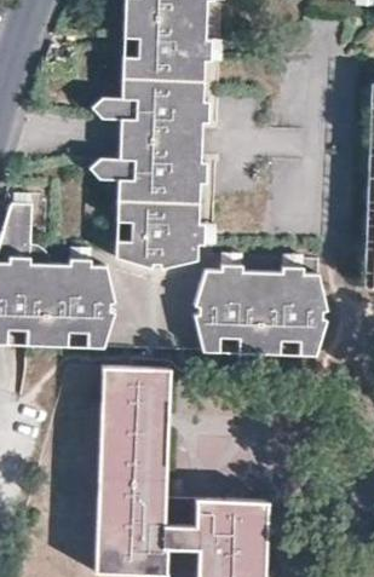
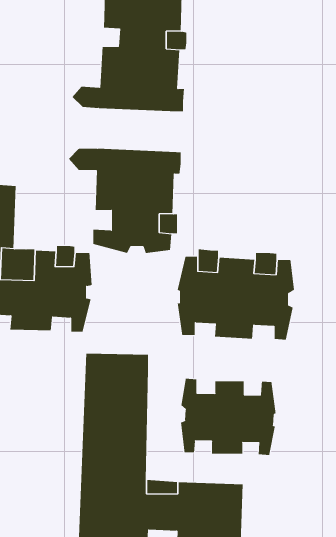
building: [116,115,200,160] -> none
building: none -> [181,378,276,456]

